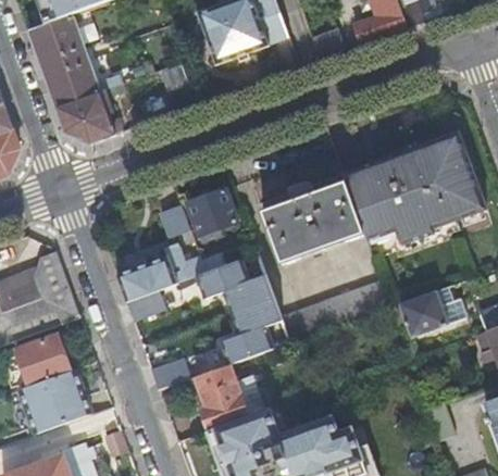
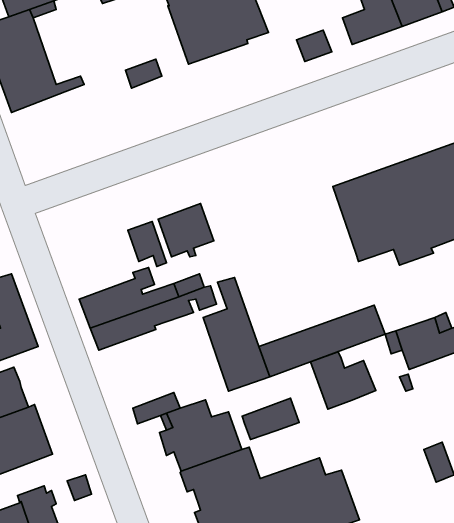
building: [54,87,117,142] -> none
building: [258,171,363,261] -> none
building: none -> [310,352,376,409]
building: [198,334,249,371] -> [242,398,299,439]

